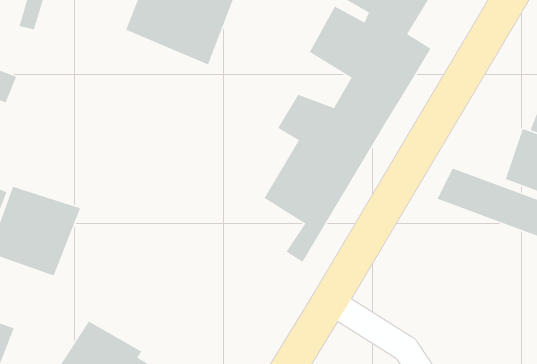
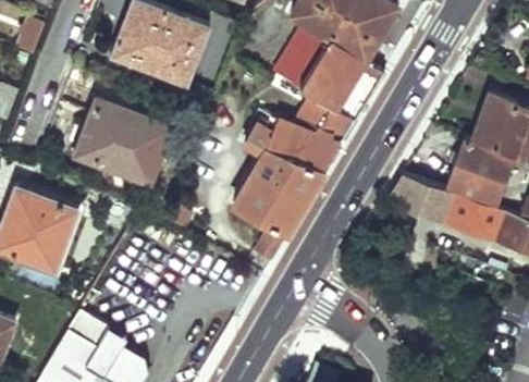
building: none -> [77,99,170,185]

